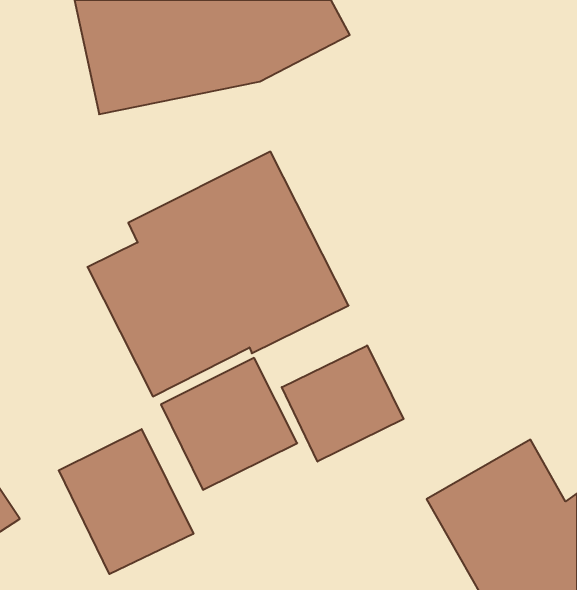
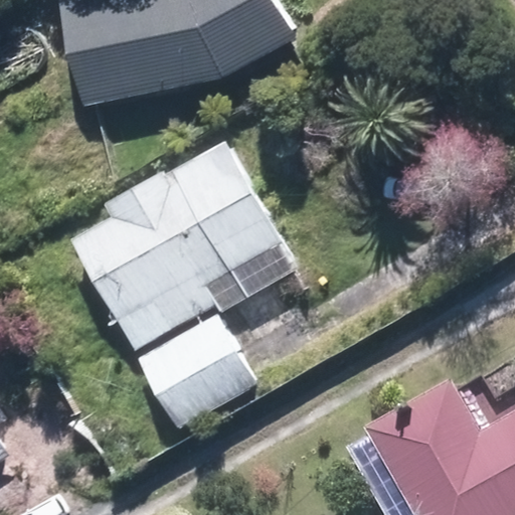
building: [282,345,404,462] -> none
building: [59,429,193,574] -> none

